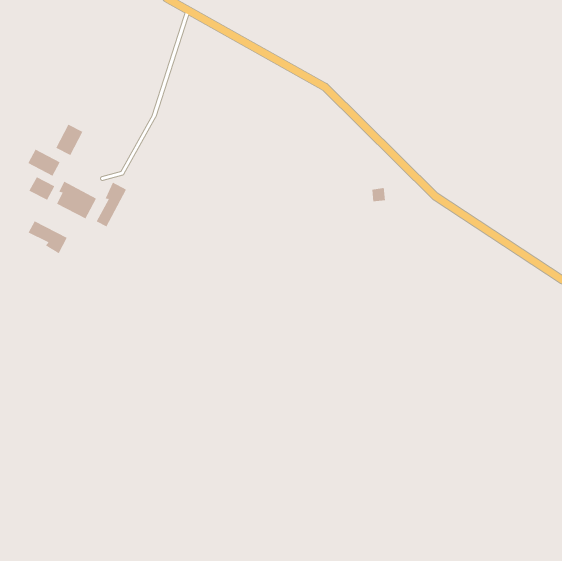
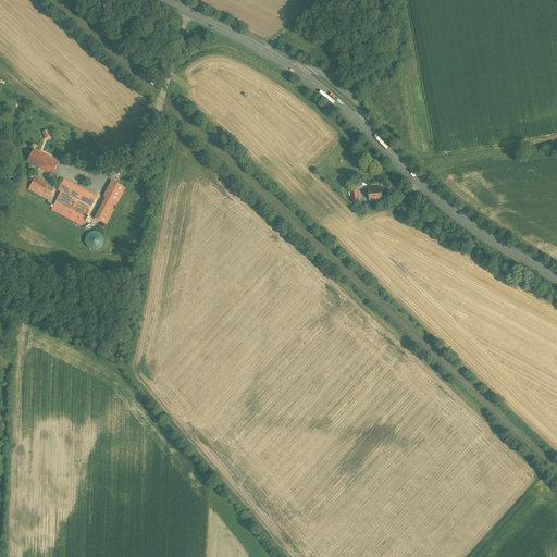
building: [56,124,83,156] -> none
building: [28,220,67,254] -> none

